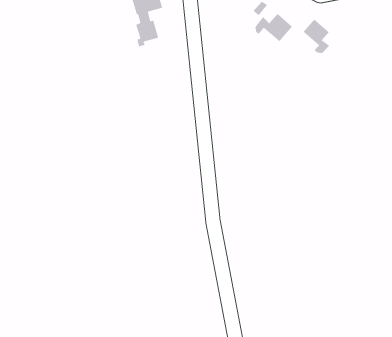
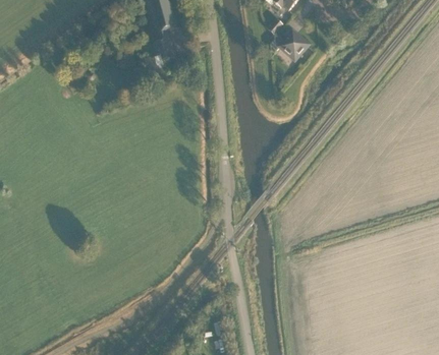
building: [302,18,330,54] -> none

